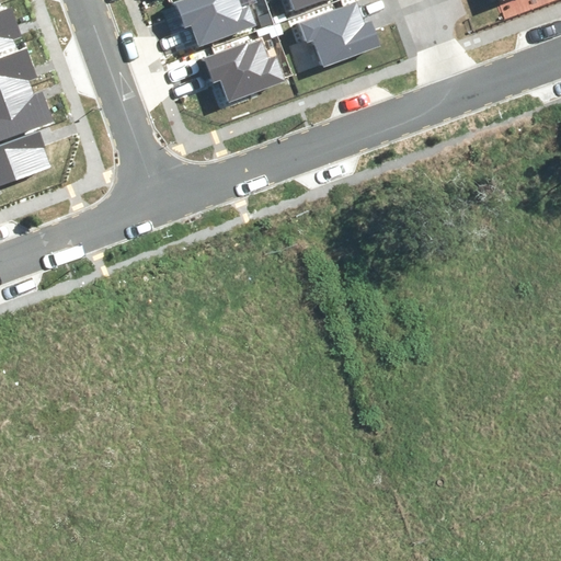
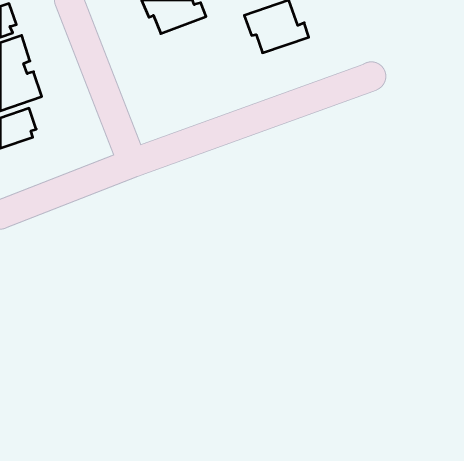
building: [201,38,279,103] -> none

